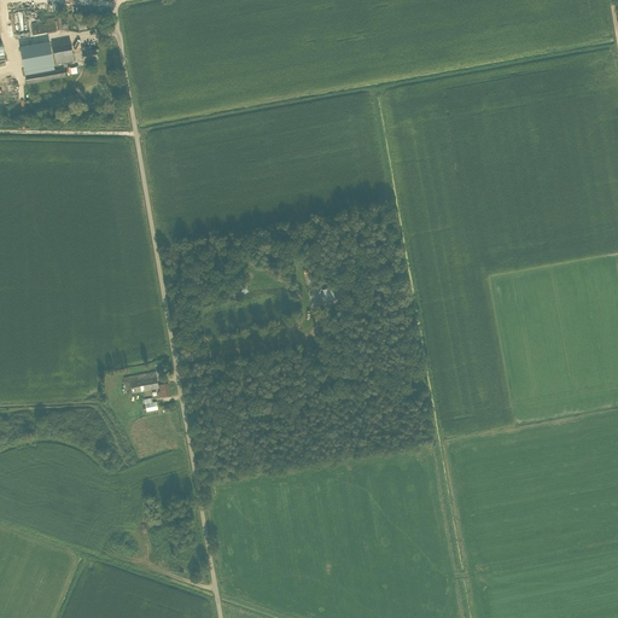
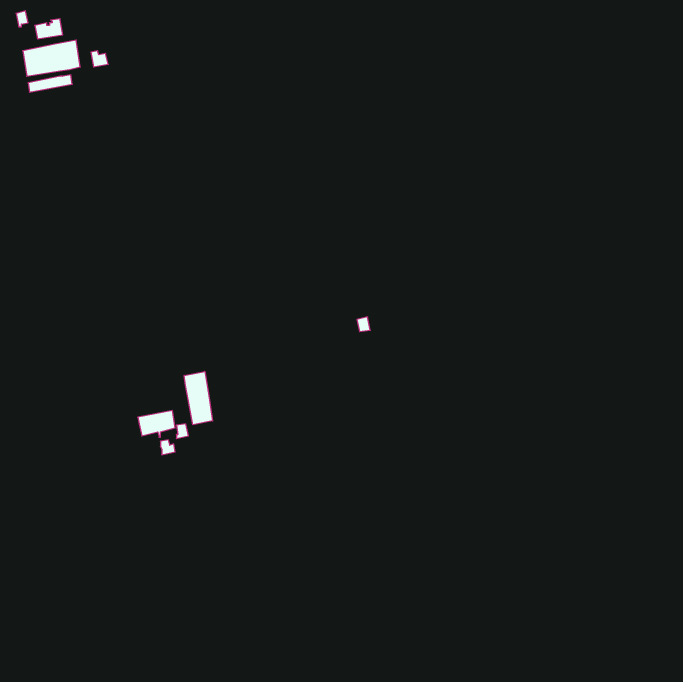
building: none -> [184,371,213,425]

